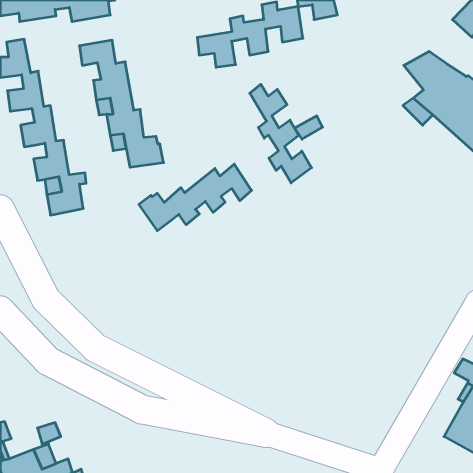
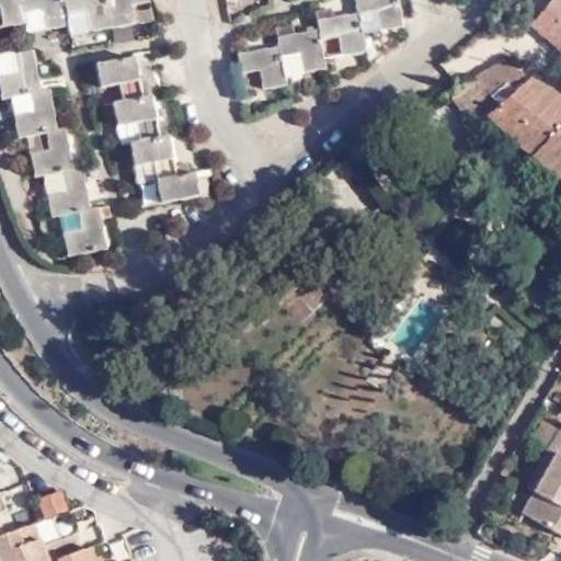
building: [250,84,312,183] -> none
building: [139,164,252,231] -> none

